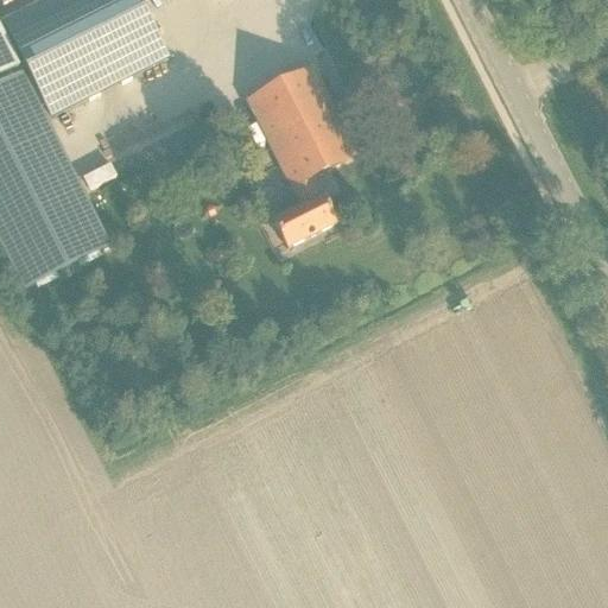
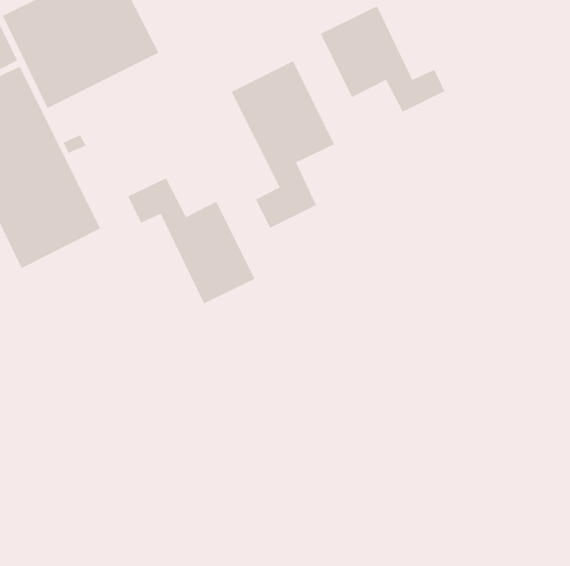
building: none -> [320,6,445,112]
building: none -> [127,177,255,304]

